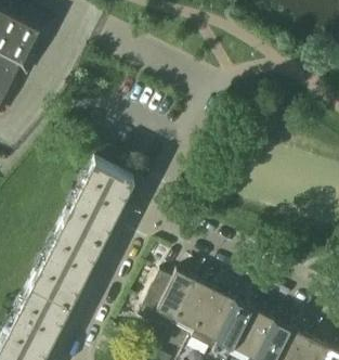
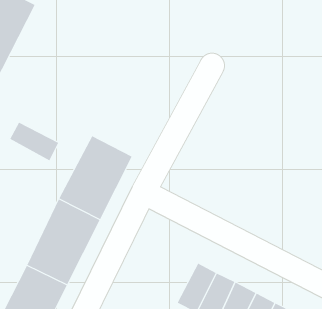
building: none -> [9,122,59,161]
building: [145,271,198,321] -> none

